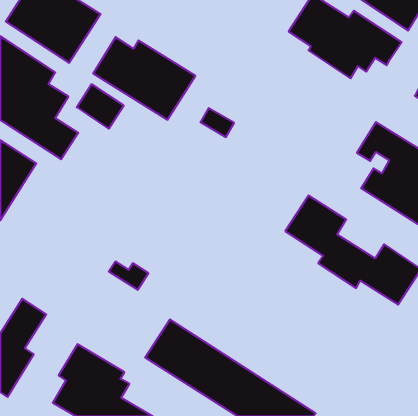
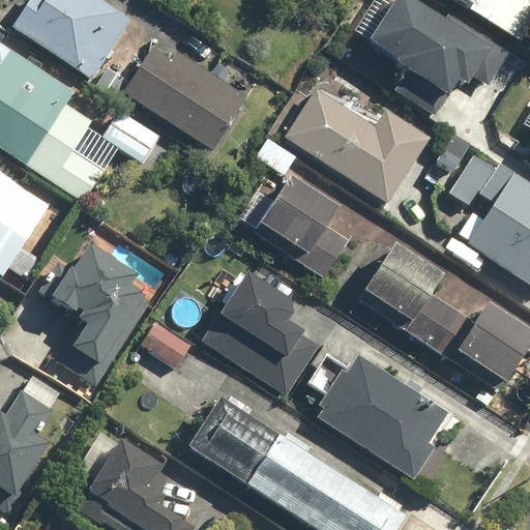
building: none -> [285,89,430,203]
building: none -> [238,178,350,273]
building: none -> [36,246,142,377]
building: none -> [202,271,320,391]
building: none -> [317,356,444,477]

